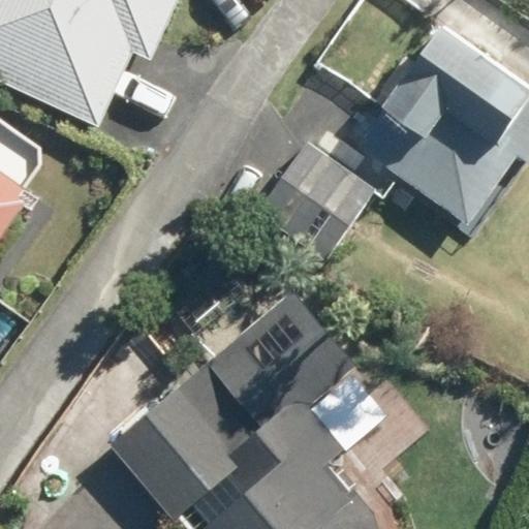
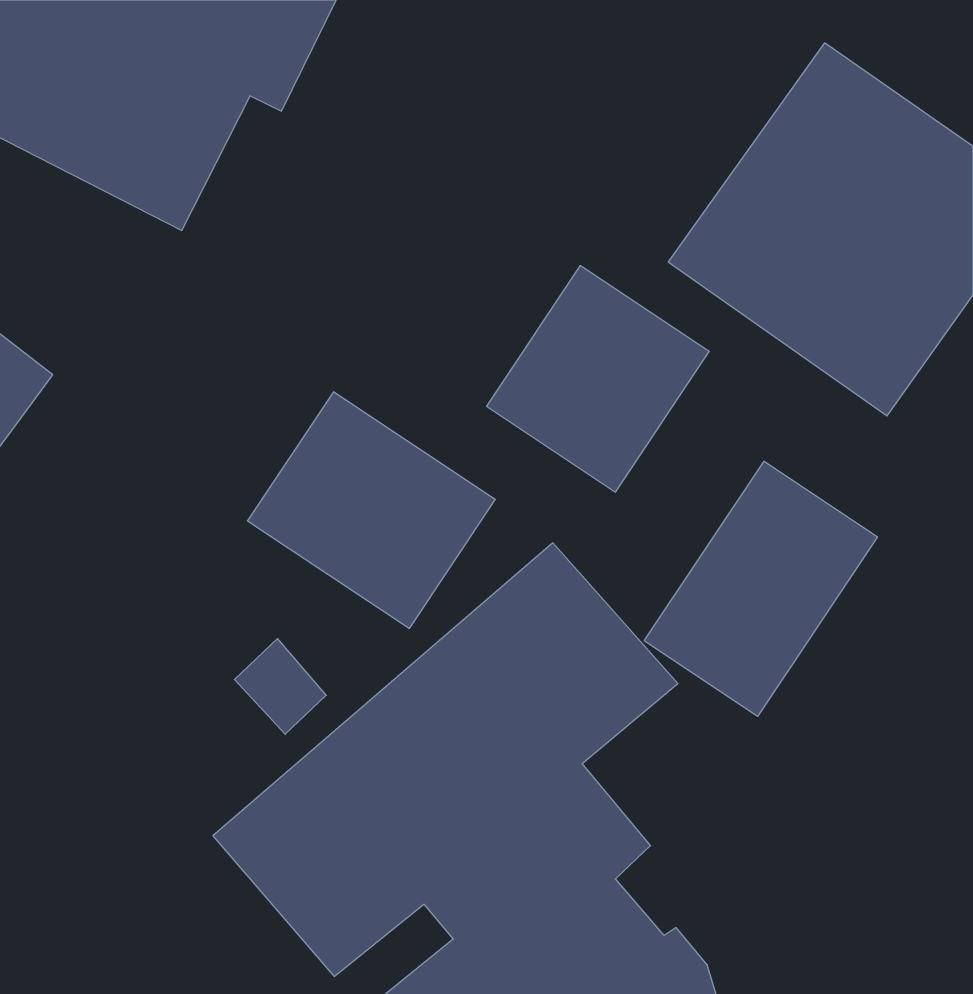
building: none -> [248,392,495,629]
building: none -> [644,461,877,716]

